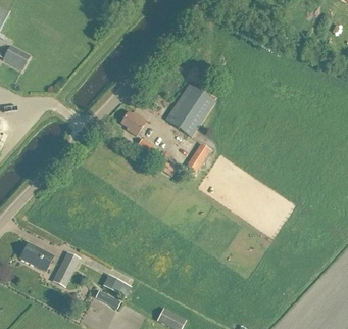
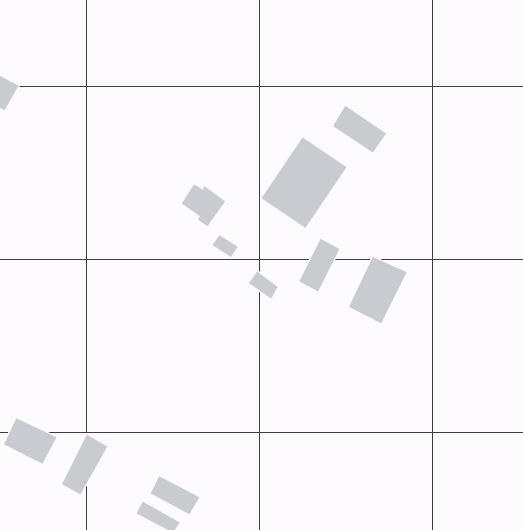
building: none -> [332,105,387,154]
building: none -> [348,256,408,324]

